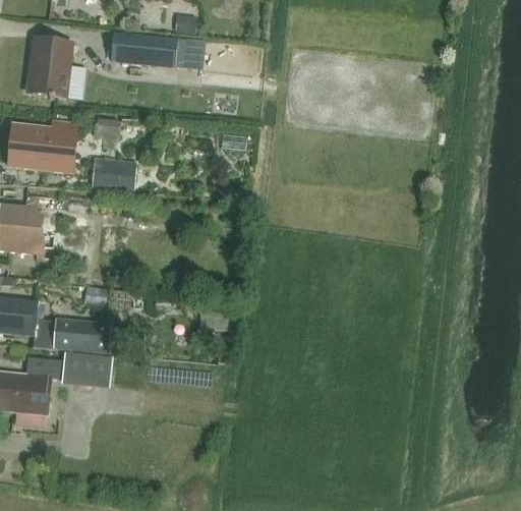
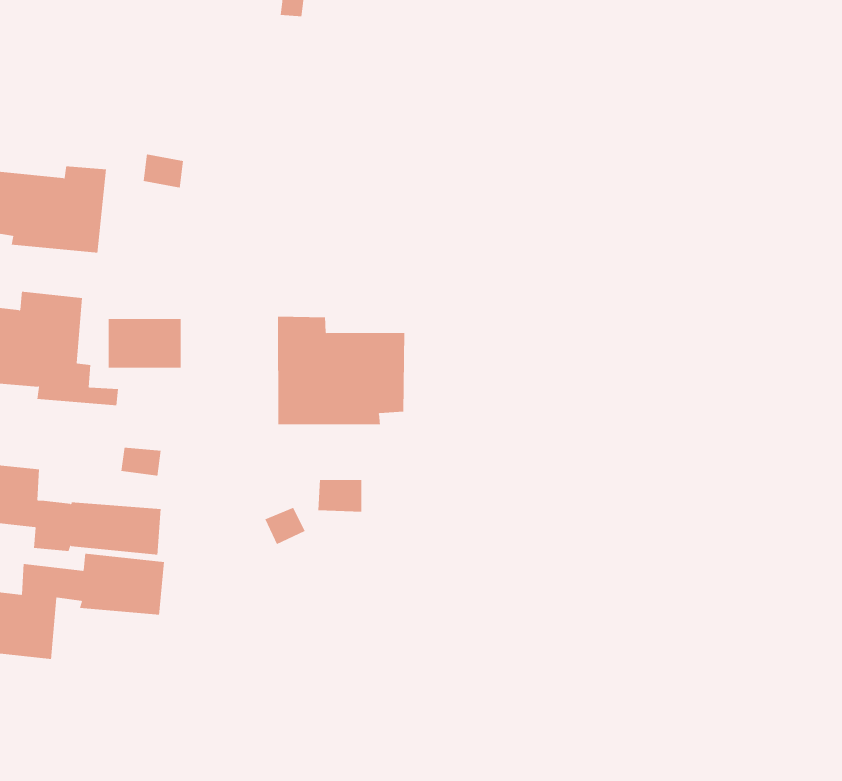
building: [109,32,202,68] -> none
building: [30,37,84,102] -> none
building: [93,156,136,185] -> [108,319,182,368]
building: none -> [277,316,405,425]

